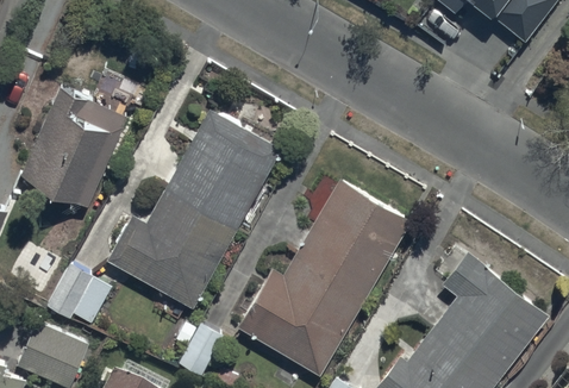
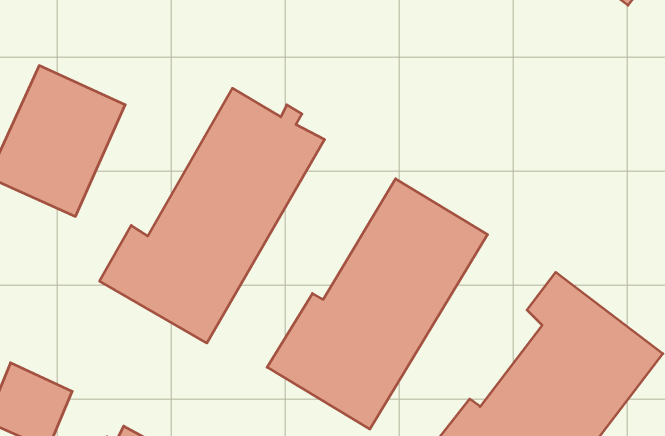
building: [46,261,110,320] -> none

